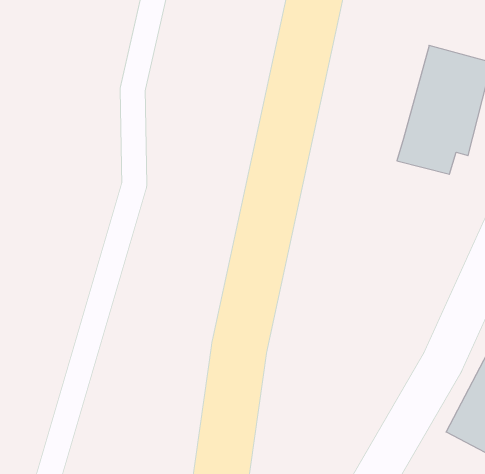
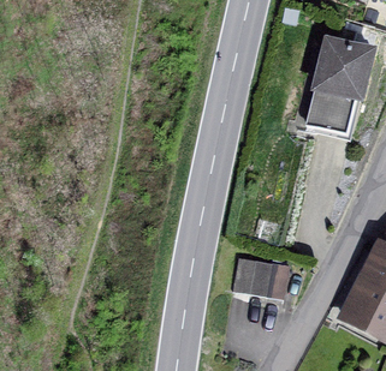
building: none -> [232,256,289,298]

